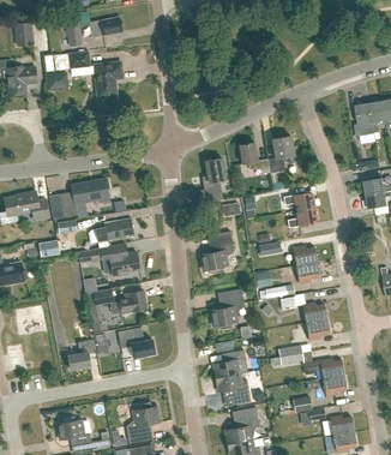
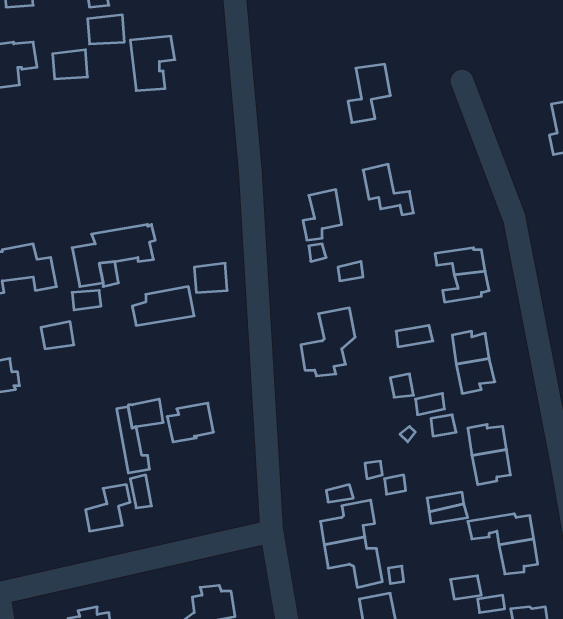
building: [267,136,294,172] -> [348,64,391,123]
building: [79,243,139,276] -> none
building: [210,288,243,329] -> none
building: [118,327,155,357] -> none

